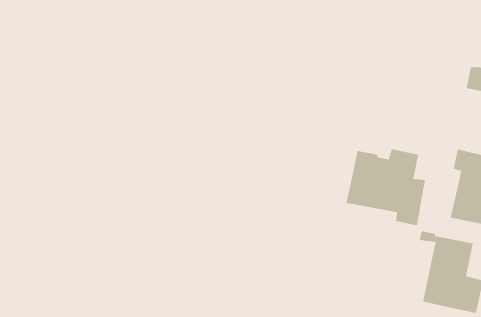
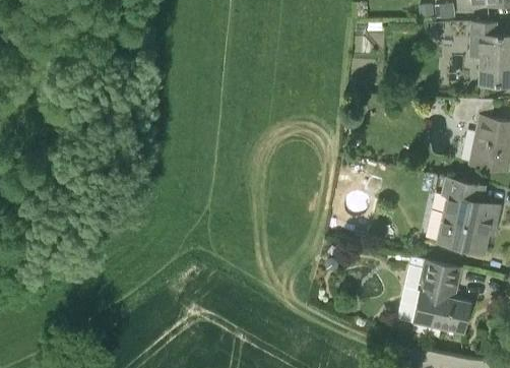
building: [346,148,426,226] -> none

